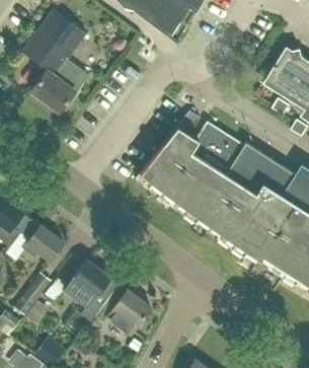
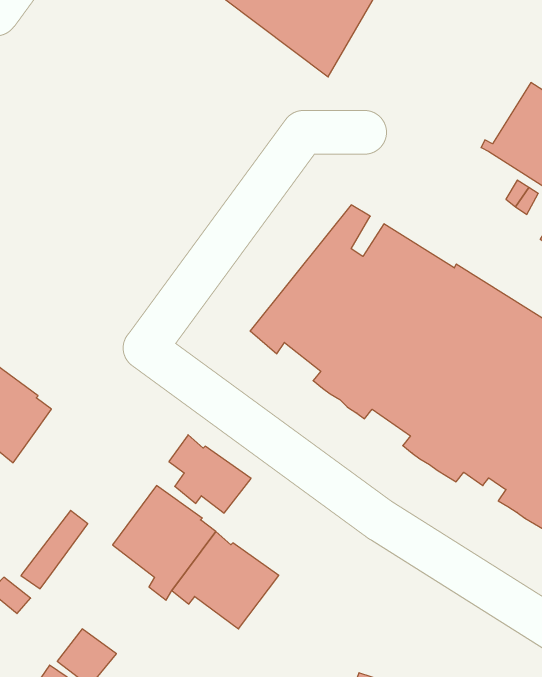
building: [22,10,89,112] -> none
building: [20,219,64,261] -> [169,435,251,513]

